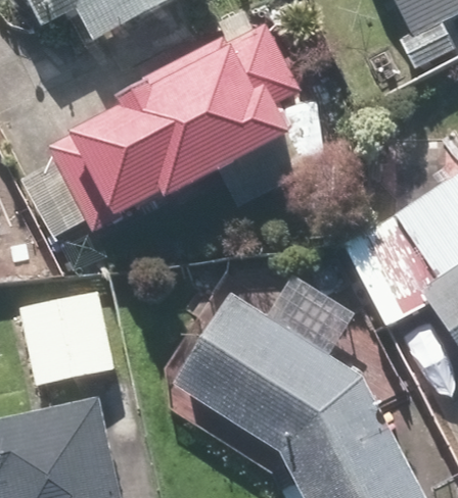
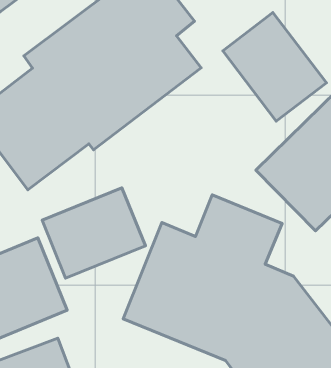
building: none -> [223,12,326,121]
building: none -> [42,188,145,278]

